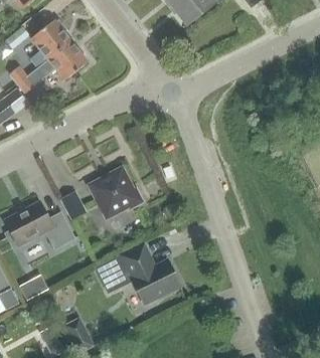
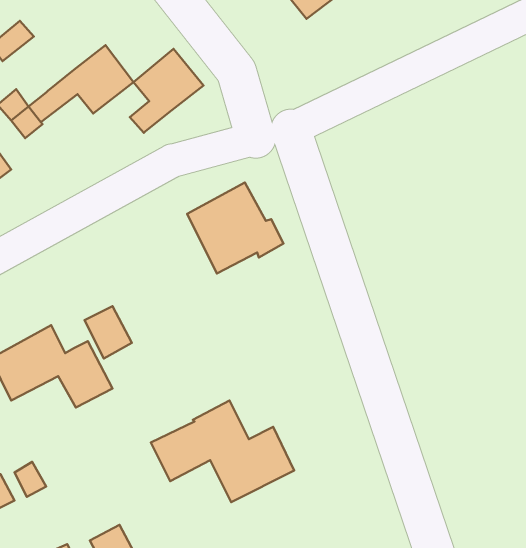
building: [29,19,71,67] -> [130,49,203,133]
building: [89,166,144,218] -> [187,182,283,273]

